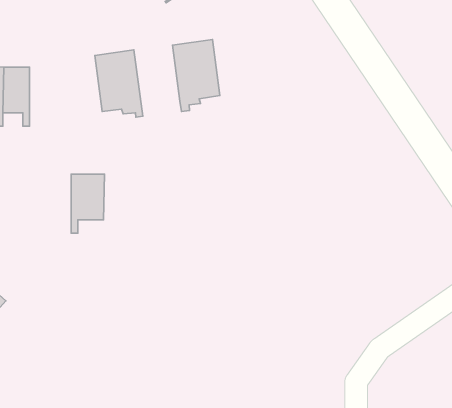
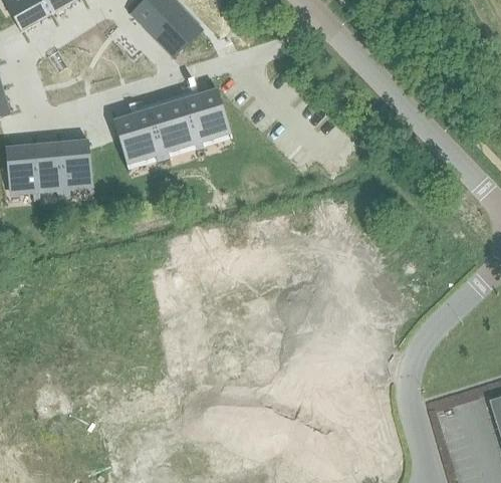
building: none -> [149,96,198,165]
building: [71,174,105,233] -> [57,133,93,191]

